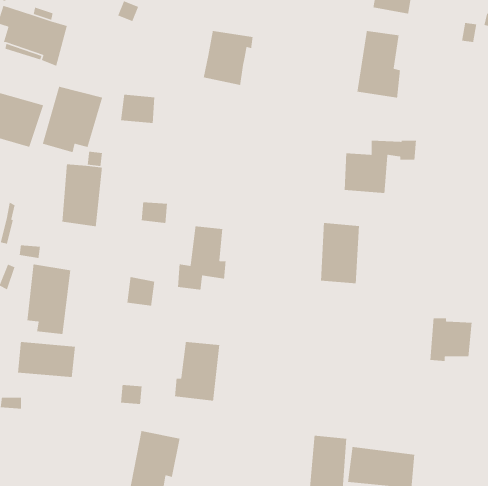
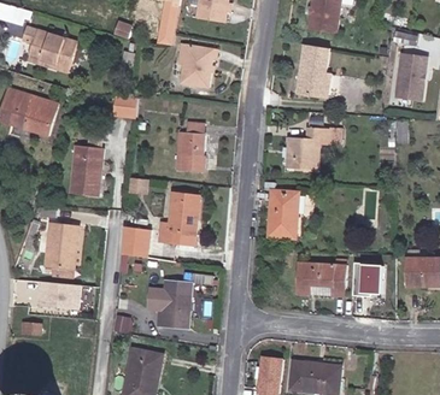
building: [42,86,103,153] -> none
building: none -> [176,123,205,170]
building: none -> [297,261,346,296]

